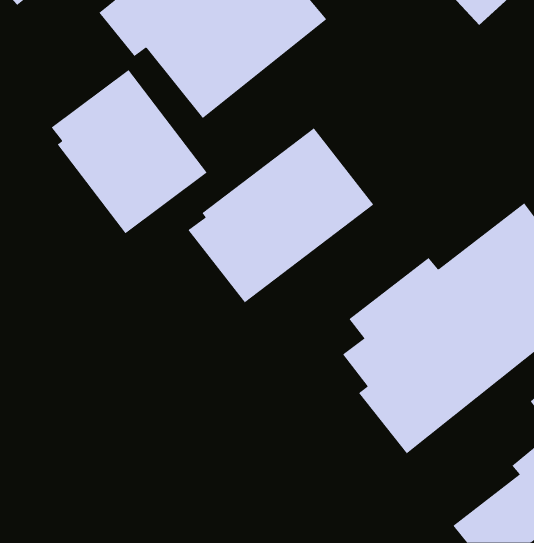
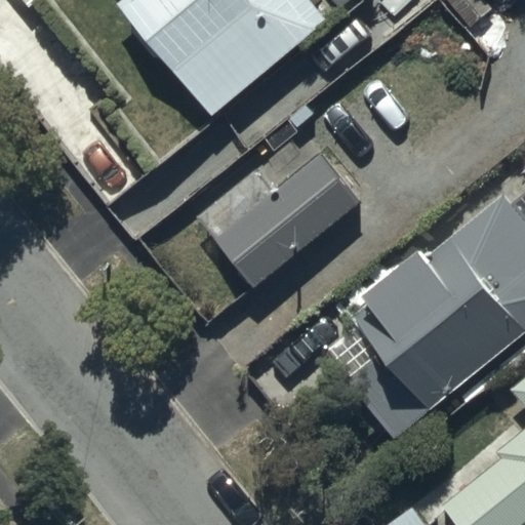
building: [51,69,207,234] -> none

